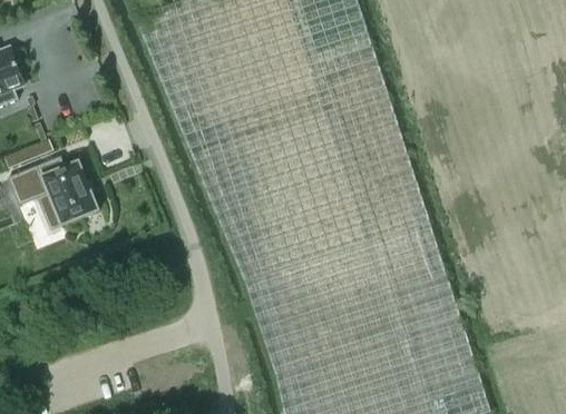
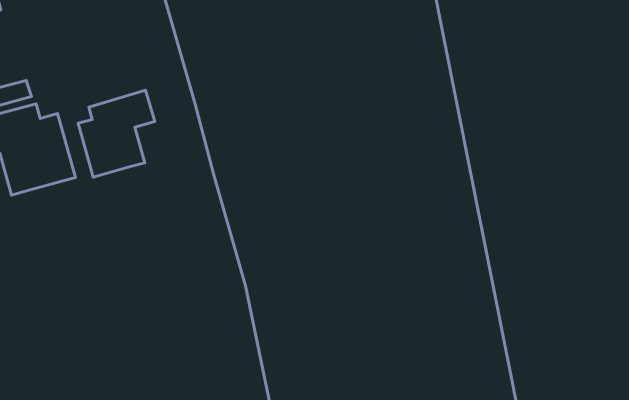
building: none -> [78,90,155,177]

